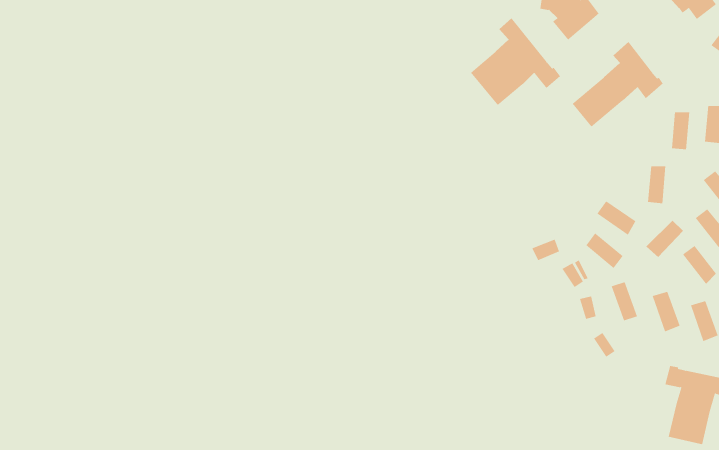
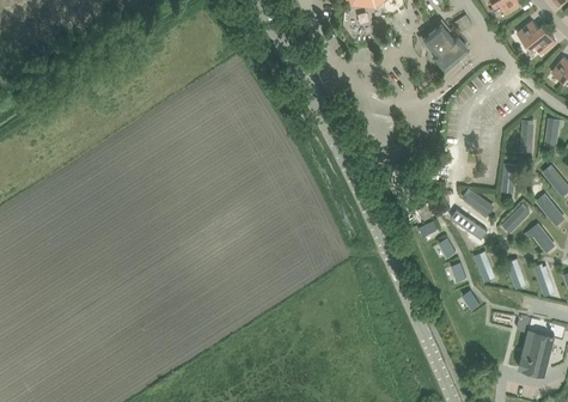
building: [470,17,561,106] -> none
building: [572,41,664,128] -> none

